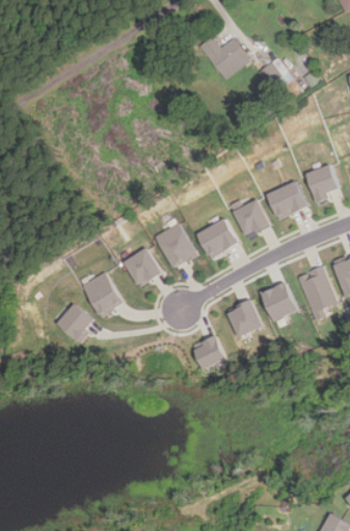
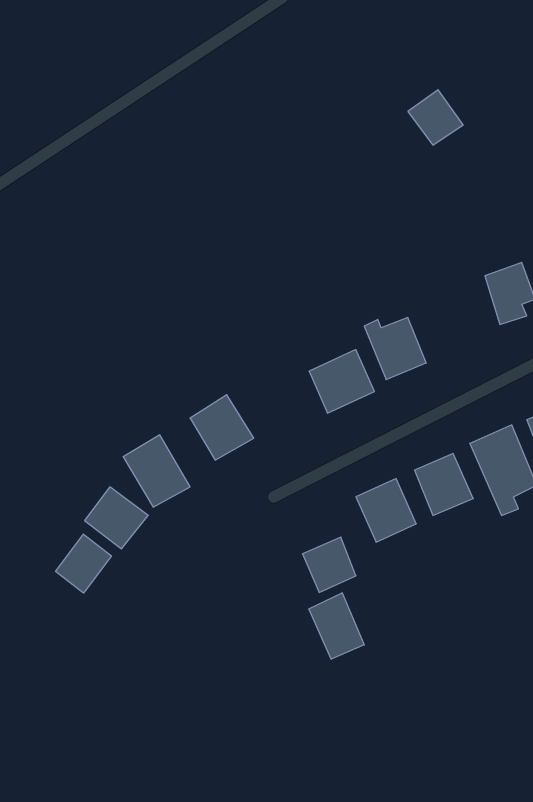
building: [199,36,248,80] -> none
building: [266,180,306,219] -> none
building: [154,221,196,268] -> none
building: none -> [56,534,111,593]
building: none -> [309,593,364,659]

